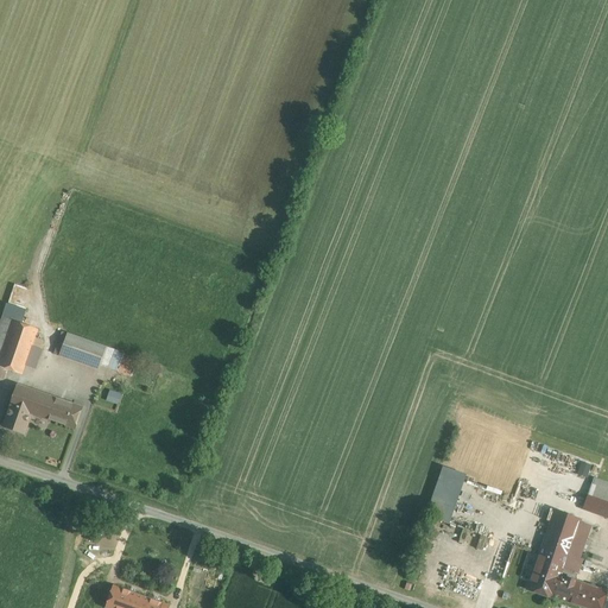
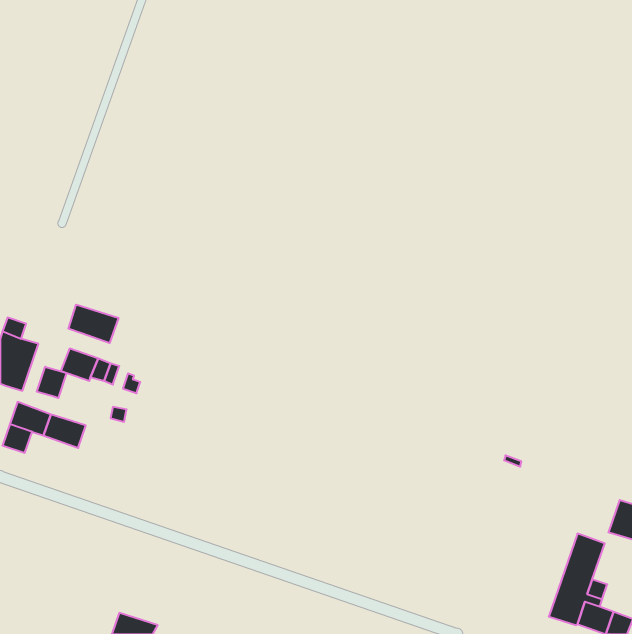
building: none -> [68,305,118,343]
building: none -> [37,367,67,398]
building: [426,466,467,524] -> none

